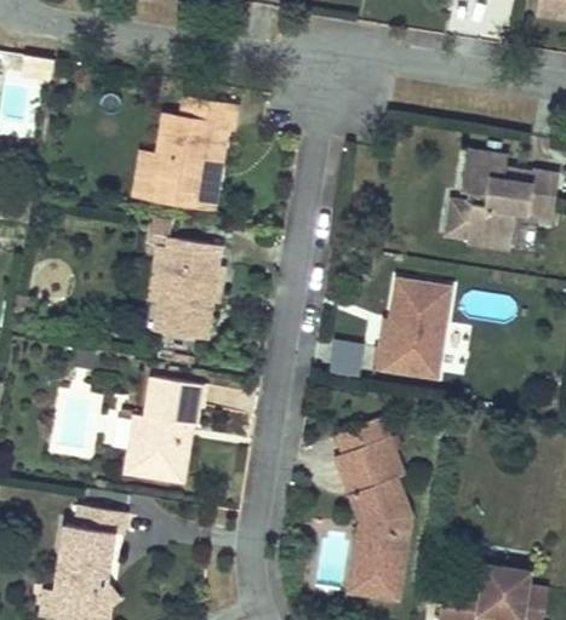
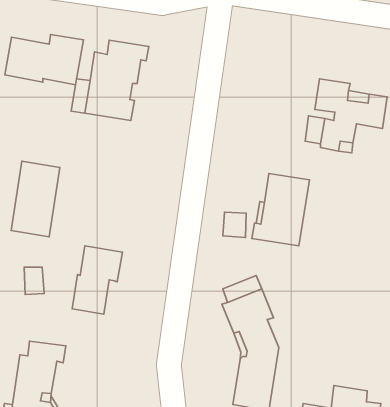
building: none -> [5,34,83,85]
building: [153,240,218,341] -> [11,161,60,237]
building: [124,415,190,481] -> none

